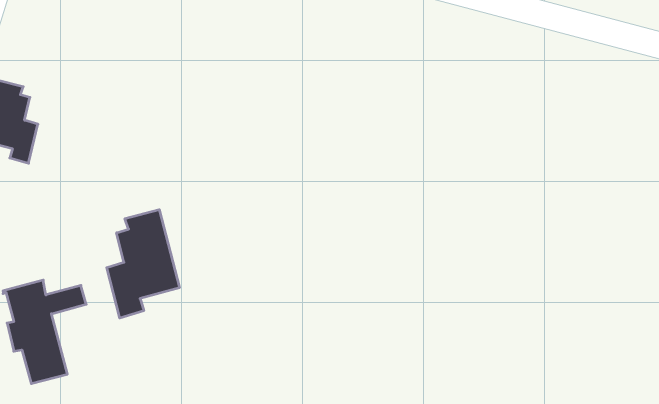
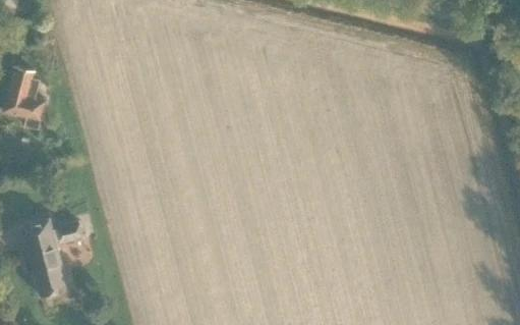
building: [107,210,179,318] -> none

